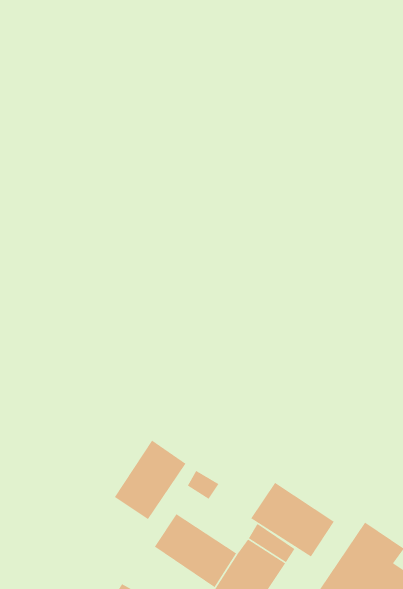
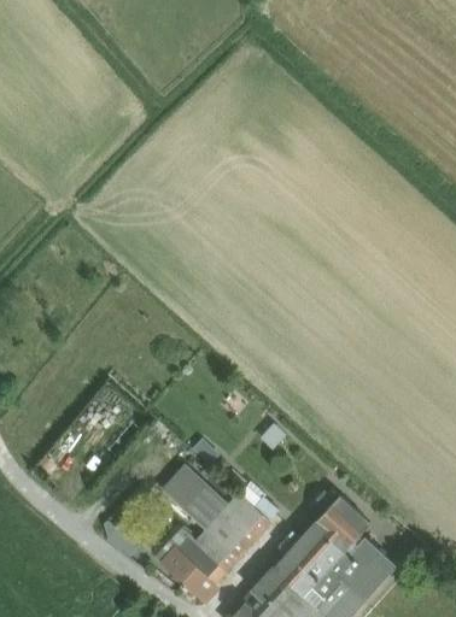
building: [114,439,187,520] -> none
building: [250,482,335,558] -> none

